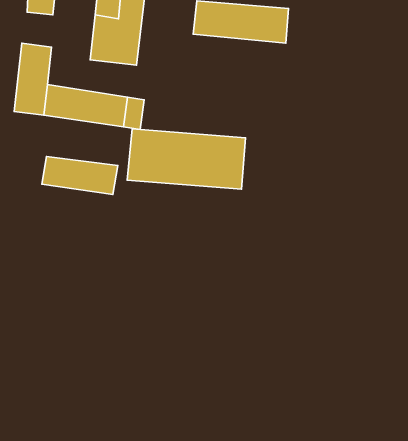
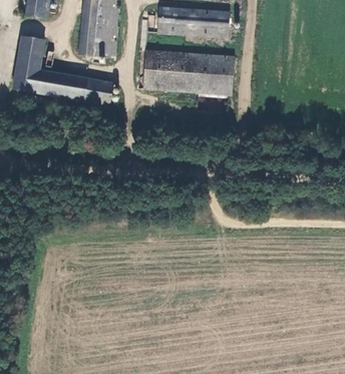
building: [127,129,245,189] -> [146,49,239,96]
building: [42,156,118,194] -> none

